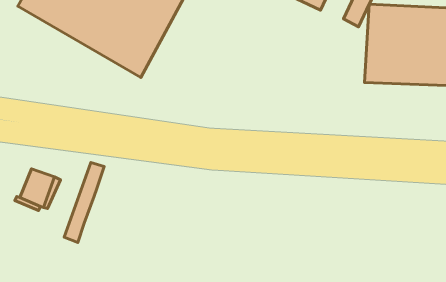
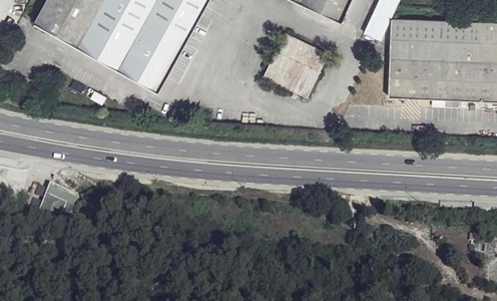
building: none -> [263,32,325,96]
building: [64,163,104,243] -> none

